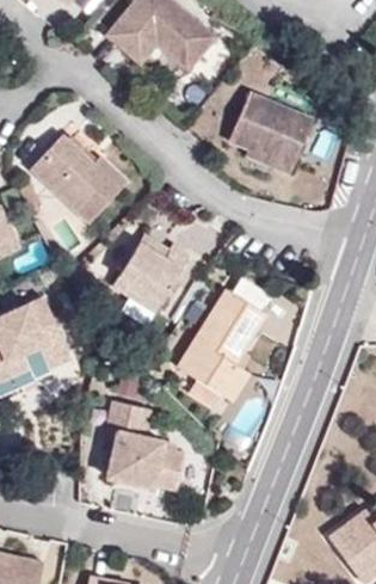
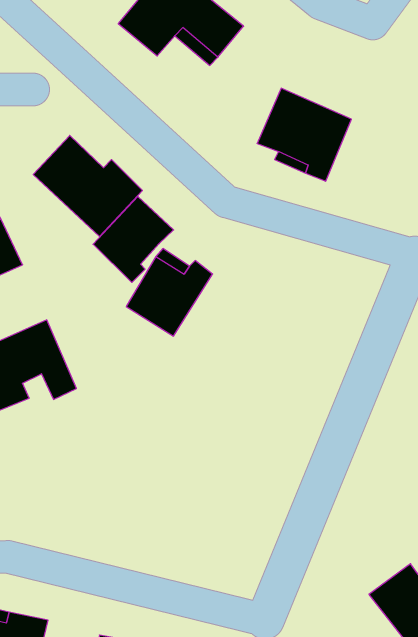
building: none -> [93,196,174,282]
building: [177,288,266,400] -> none
building: [106,400,185,488] -> none

